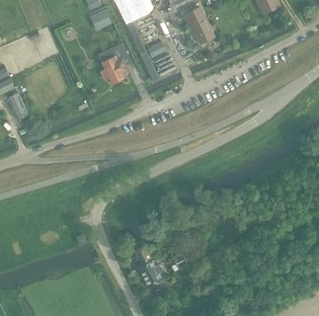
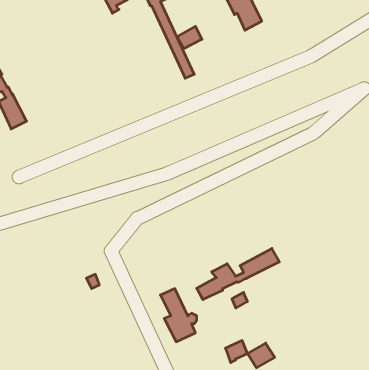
building: [100,55,128,82] -> none
building: none -> [197,248,279,300]

